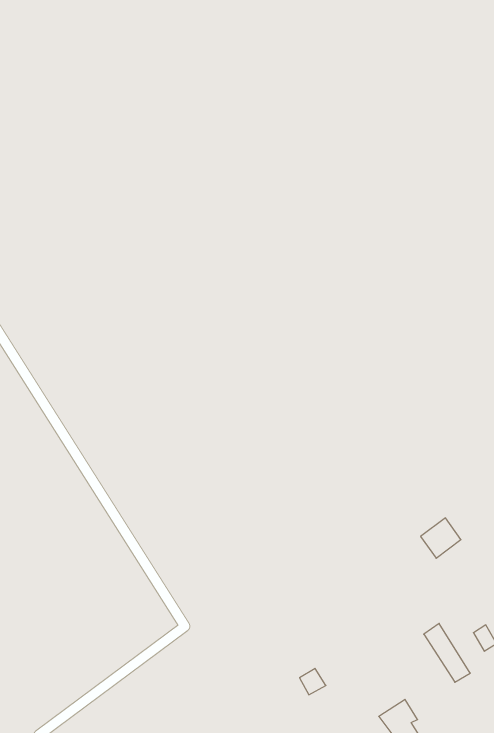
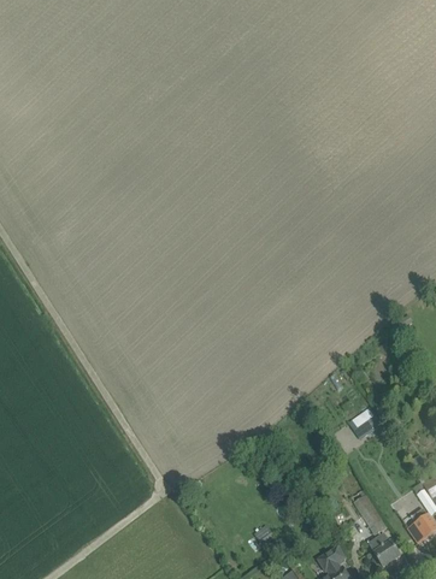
building: none -> [367,532,400,565]

